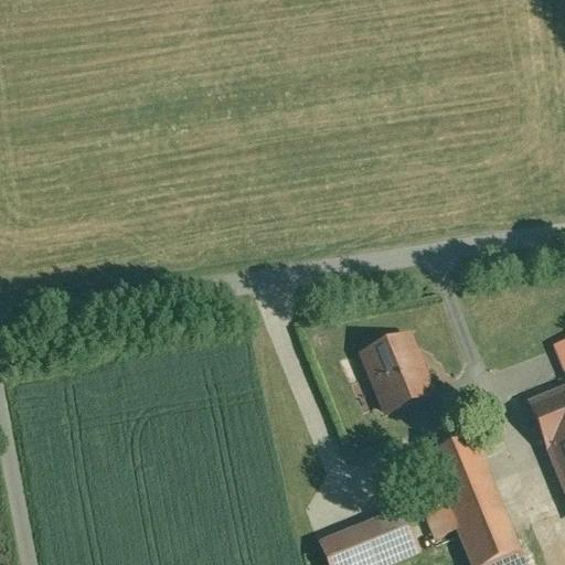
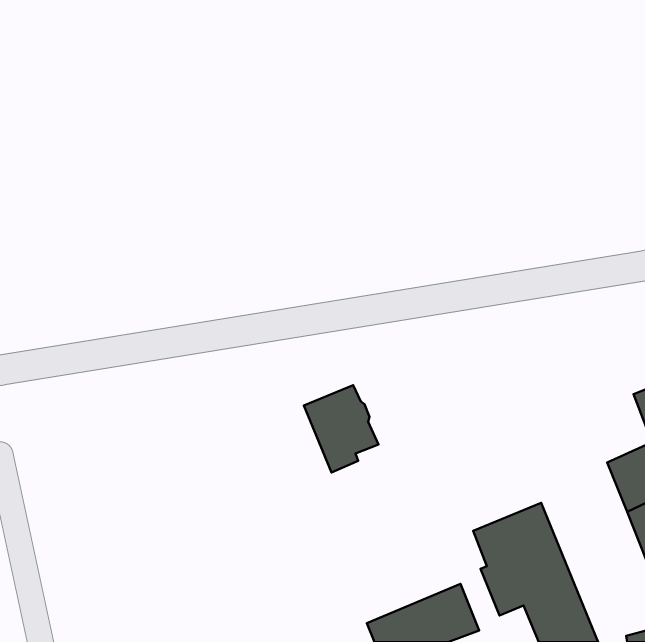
building: [364,337,429,413] -> [304,385,378,472]

